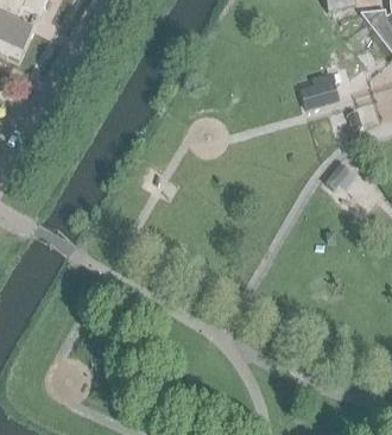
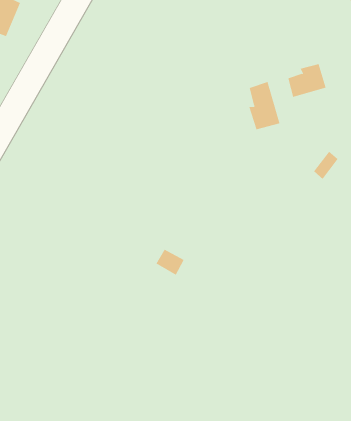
building: none -> [248,81,280,130]

